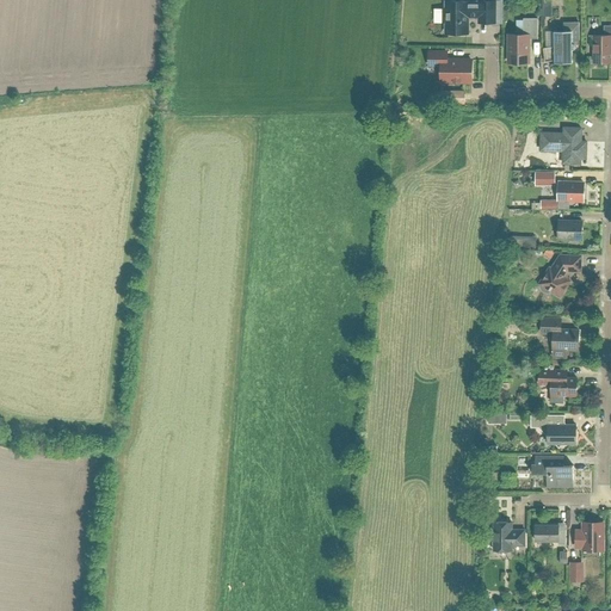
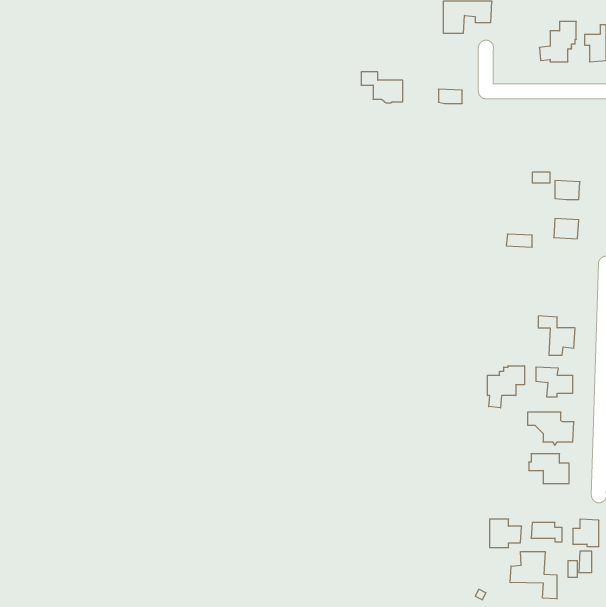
building: [506,18,536,63] -> none
building: [428,51,470,82] -> [361,72,403,103]
building: [539,128,585,163] -> none
building: [537,254,580,297] -> none
building: none -> [488,366,524,408]
building: none -> [510,552,557,599]

